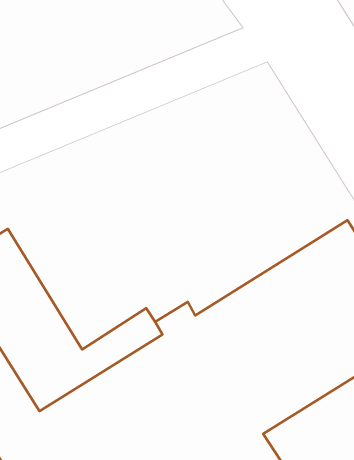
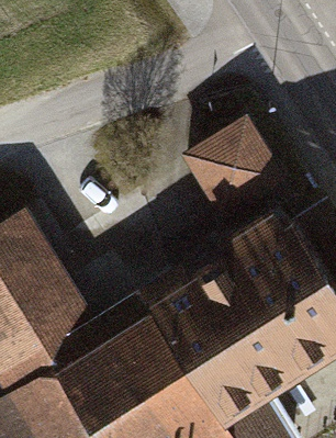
building: none -> [184,119,278,213]

